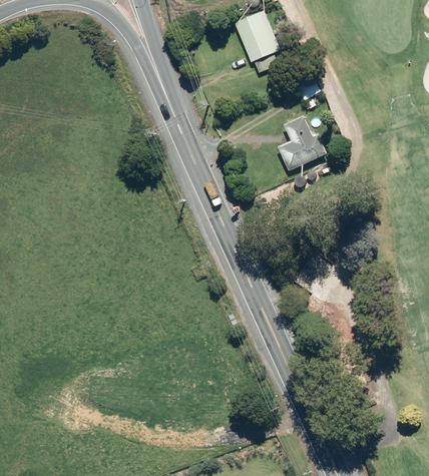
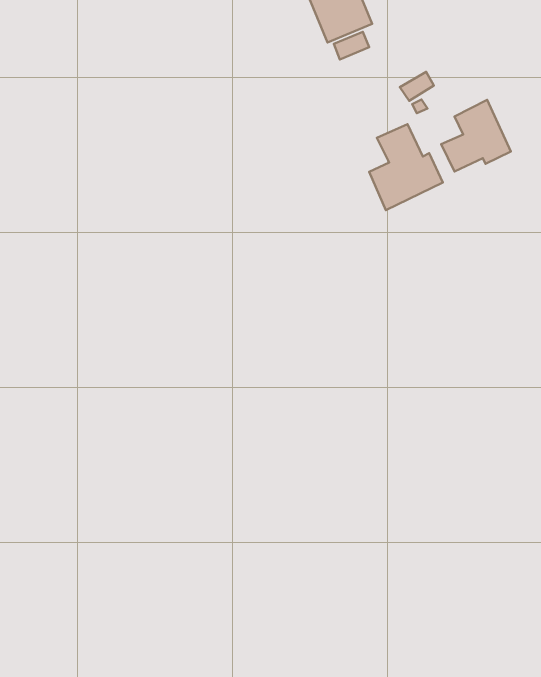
building: none -> [441,100,511,171]

